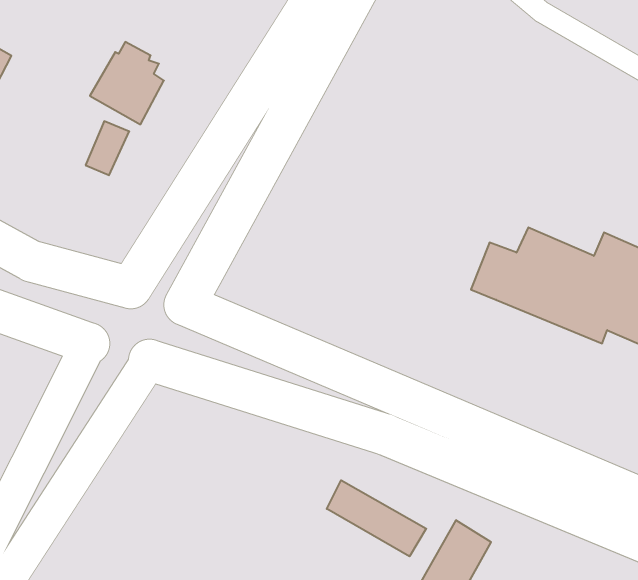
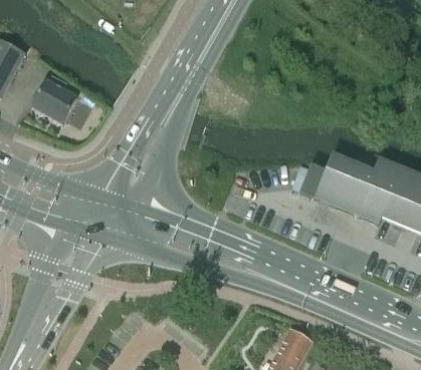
building: [90,42,164,124] -> [30,74,74,123]
building: [327,480,426,556] -> none

